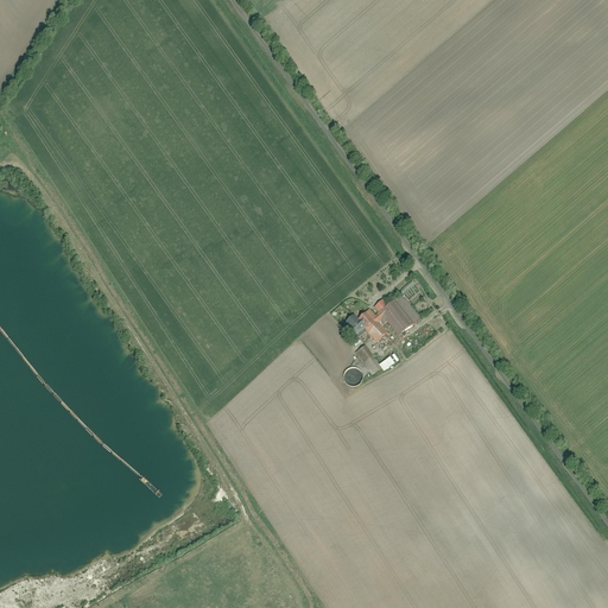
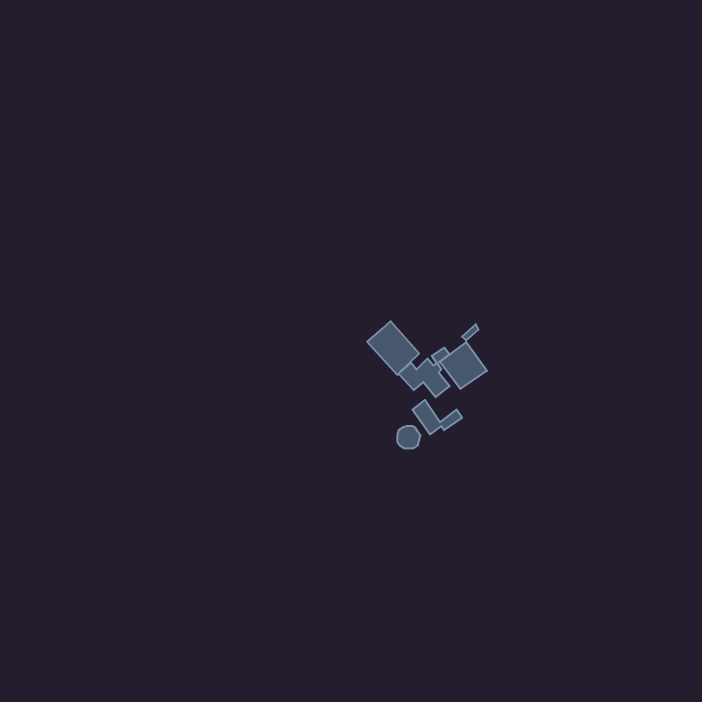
building: none -> [367,321,419,375]

